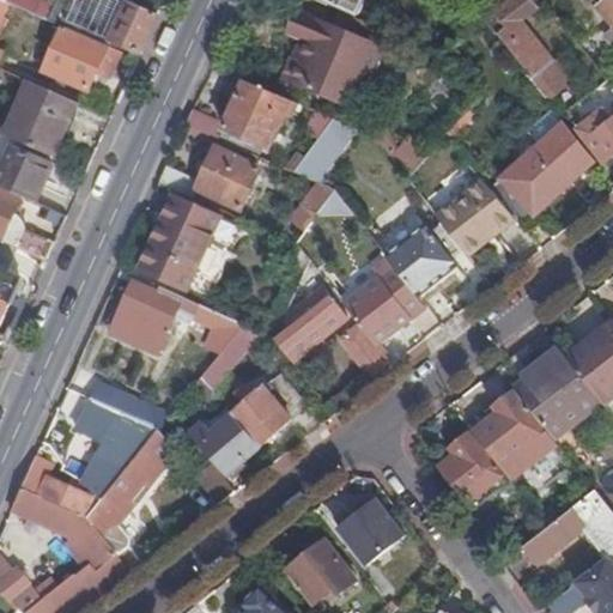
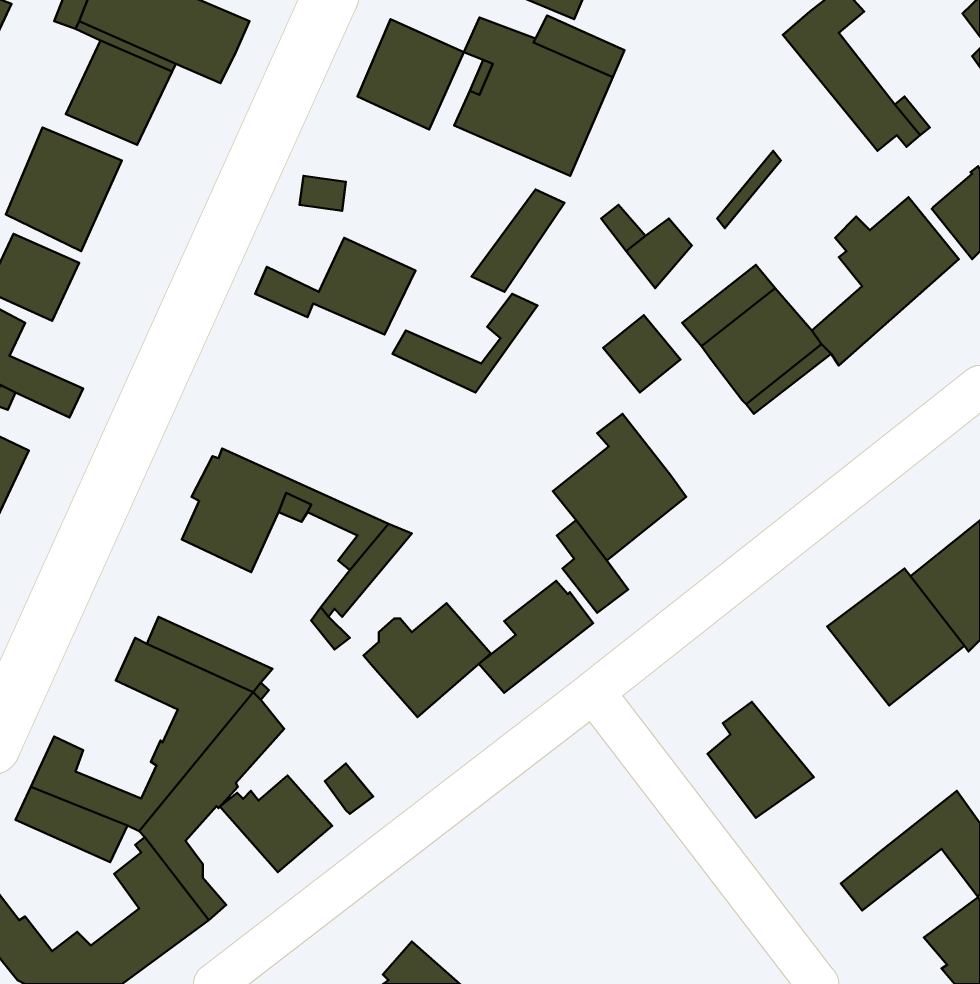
building: [223,79,289,147] -> [358,19,464,130]
building: [138,196,218,289] -> none
building: [386,223,460,295] -> none
building: [274,290,345,359] -> [479,581,593,693]
building: [469,390,551,479] -> none
building: [189,413,259,473] -> [220,776,332,872]
building: [336,498,401,562] -> none
building: [284,539,348,601] -> none

